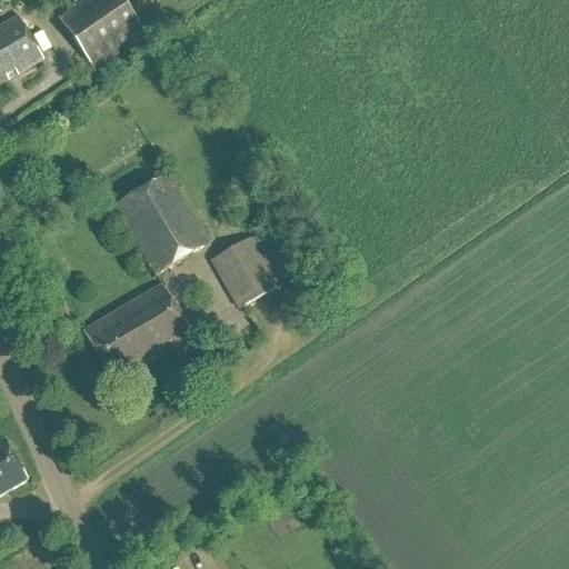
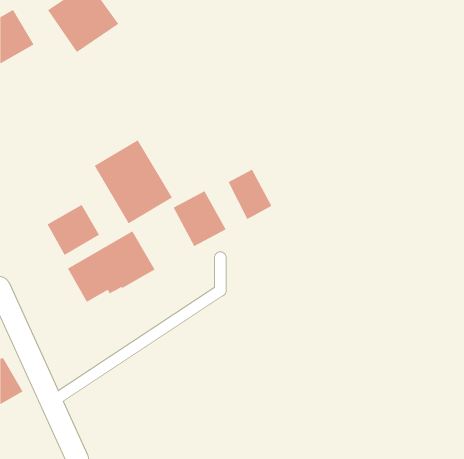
building: none -> [228,169,272,220]
building: none -> [47,204,100,256]

